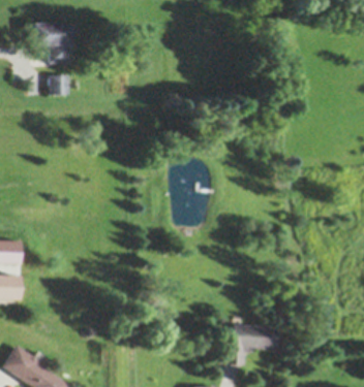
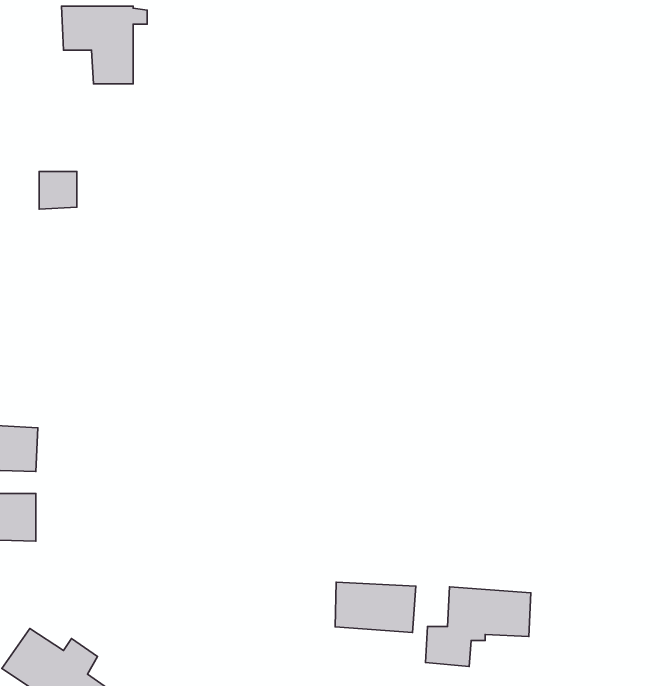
building: [50,75,69,95] -> [39,171,77,209]
building: none -> [335,582,416,633]

